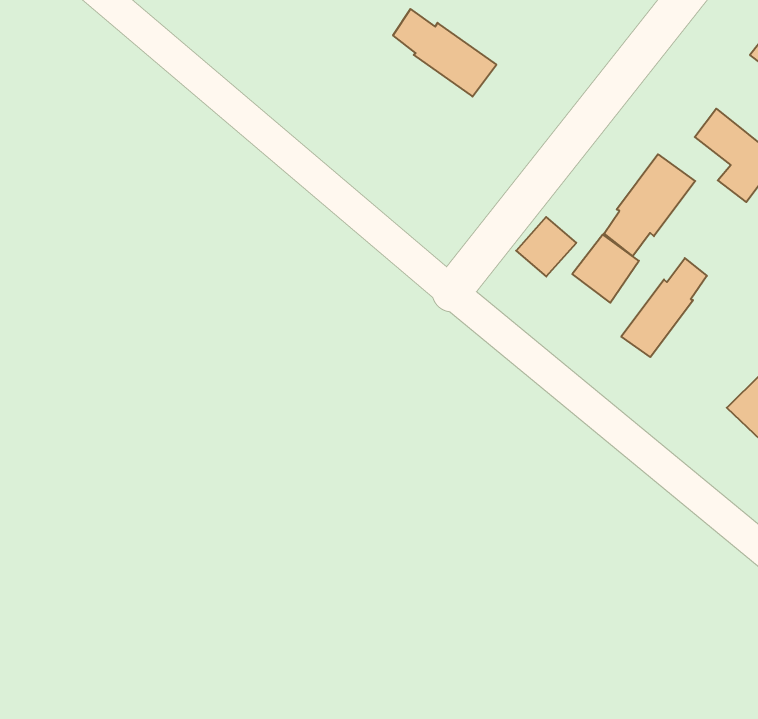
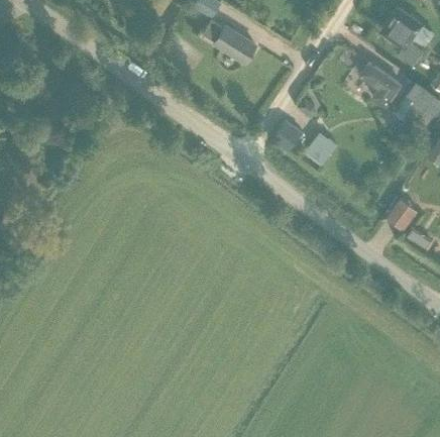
building: [604,154,695,256] -> none
building: [621,258,707,357] -> none

